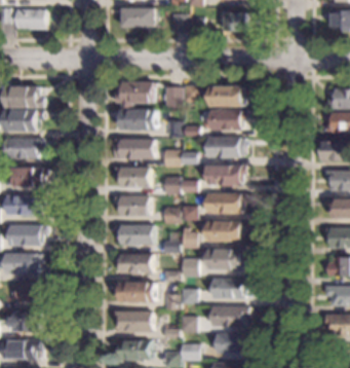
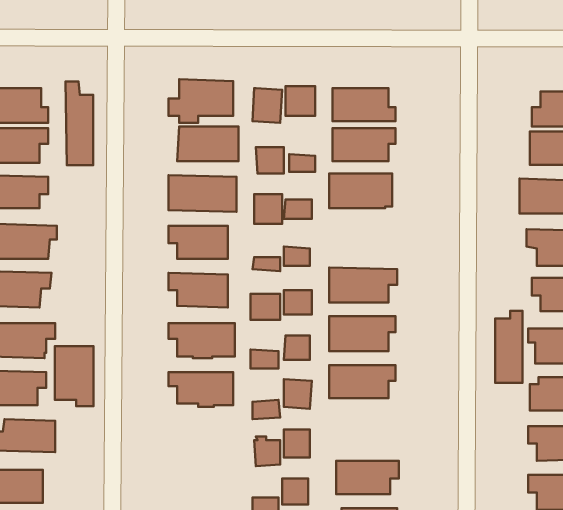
building: none -> [65,82,93,165]
building: [208,165,247,185] -> none
building: none -> [495,311,523,383]
building: none -> [55,346,94,406]
building: [212,279,249,298] -> none
building: [115,282,155,302] -> none
building: [114,310,153,331] -> none

